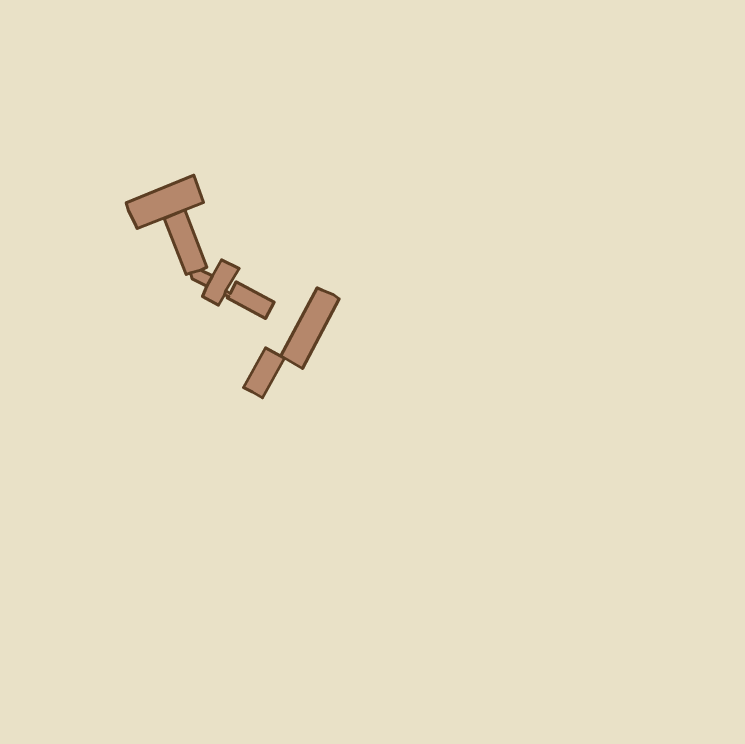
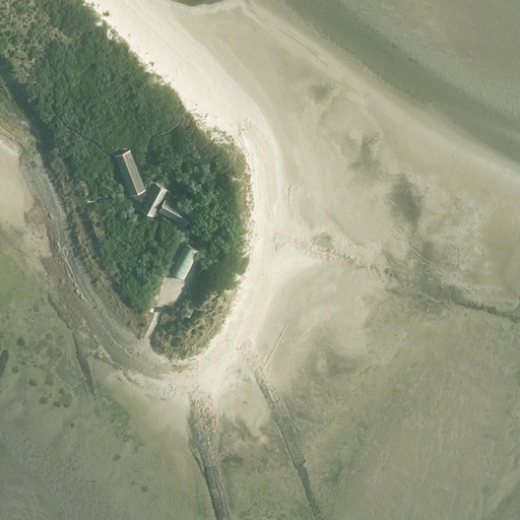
building: [126,175,204,229] -> none
building: [281,288,339,369] -> none

